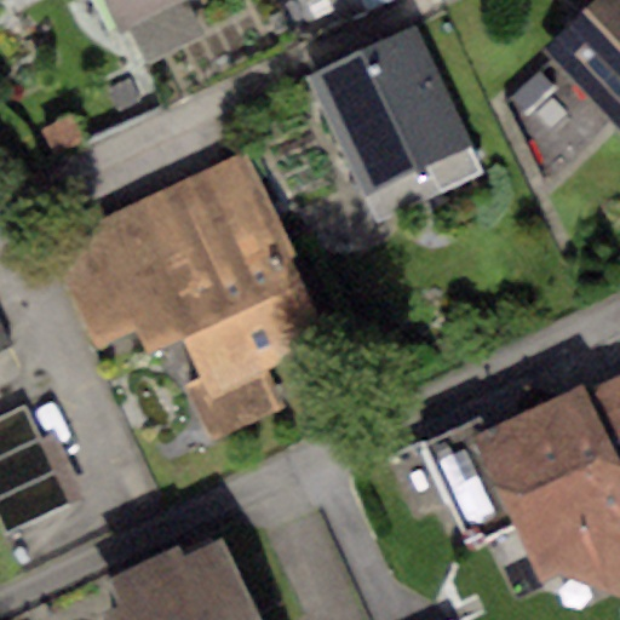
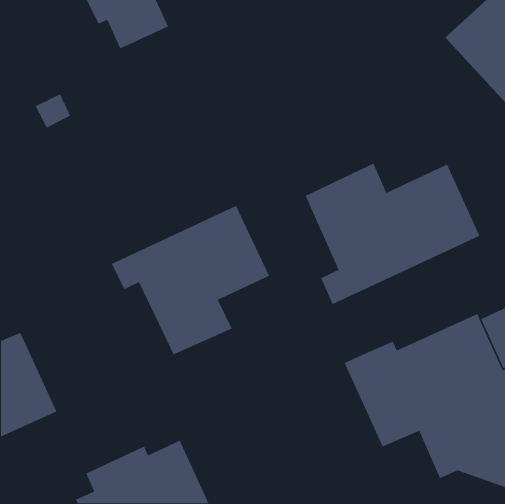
building: [310,25,484,219] -> none
building: [50,154,291,343] -> none
building: none -> [304,162,481,305]

